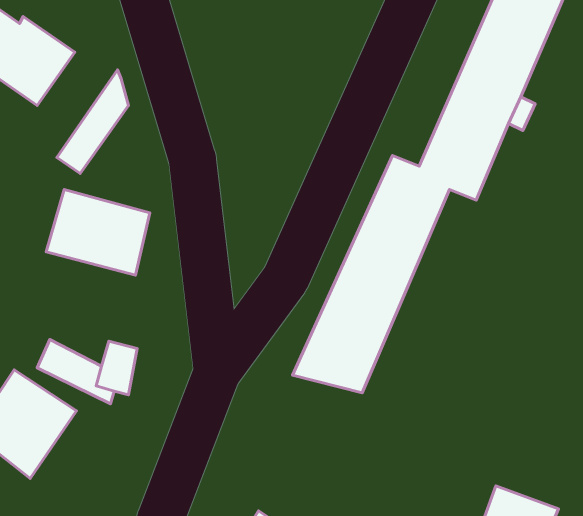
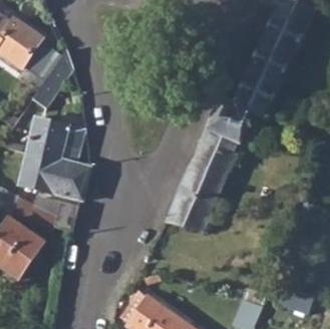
building: none -> [20,150,90,199]

